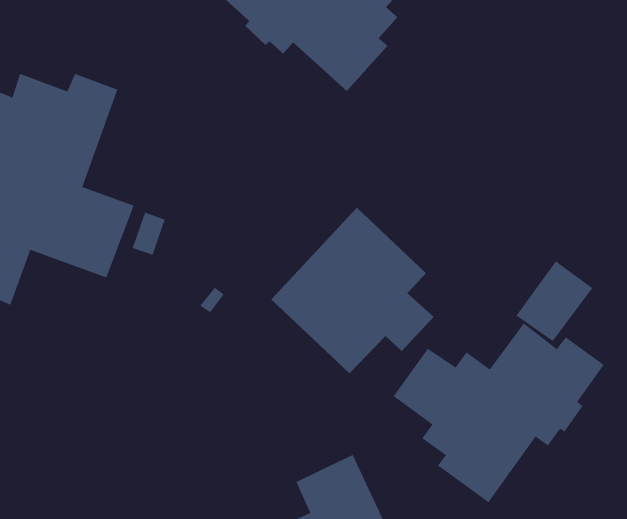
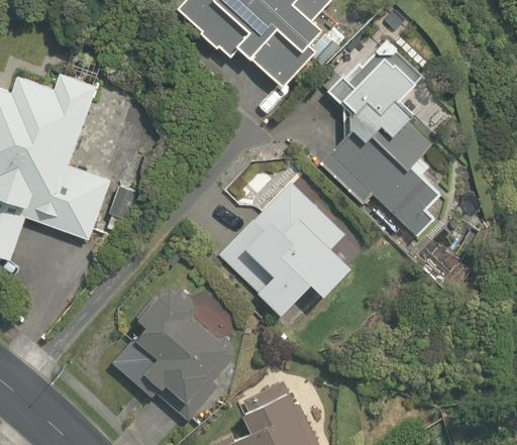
building: none -> [319,38,439,236]
building: [393,323,605,503] -> none
building: none -> [113,287,241,425]

